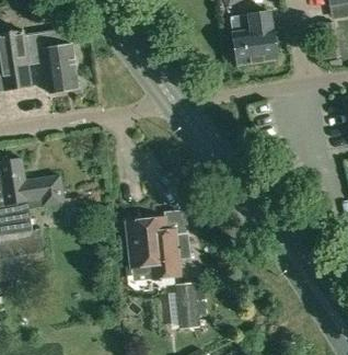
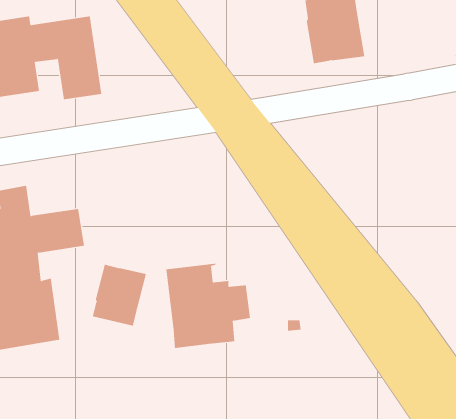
building: none -> [92,264,147,327]
building: [175,282,206,328] -> none

